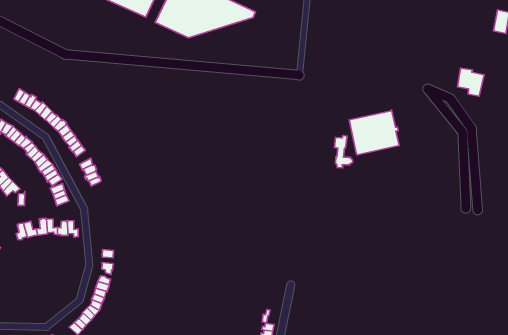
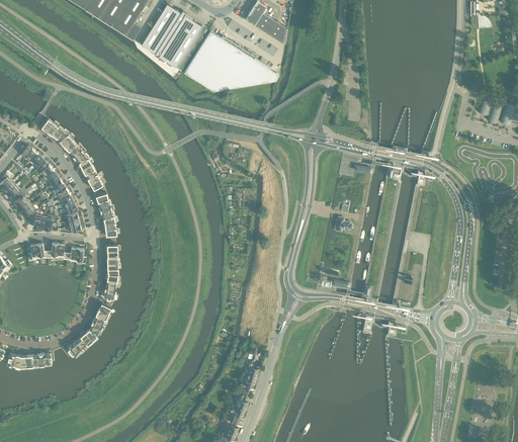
building: [458,68,484,96] -> [477,95,503,123]
building: [349,110,399,155] -> none

